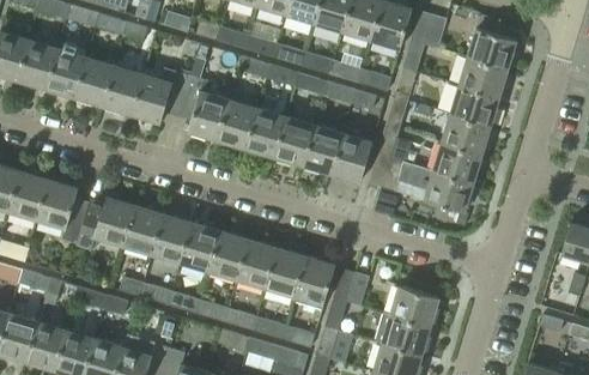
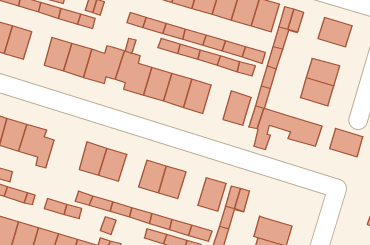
building: [44,48,85,96] -> none
building: [459,58,506,97] -> none
building: [302,125,342,174] -> none
building: [433,143,481,183] -> [330,128,363,157]
building: [77,198,135,248] -> none
building: [181,224,221,271] -> none
building: [266,249,306,297] -> none
building: [389,285,438,327] -> none

